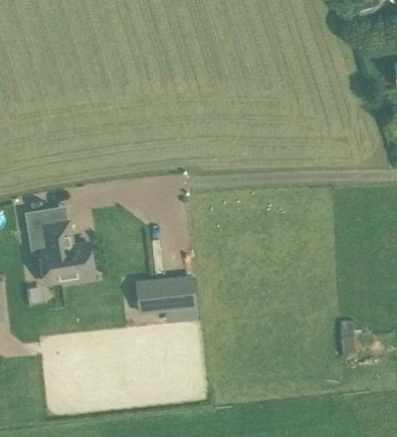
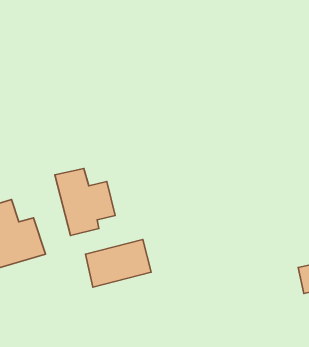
building: none -> [55,169,115,235]

